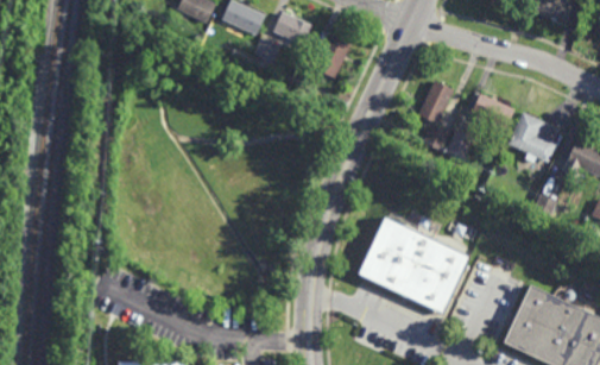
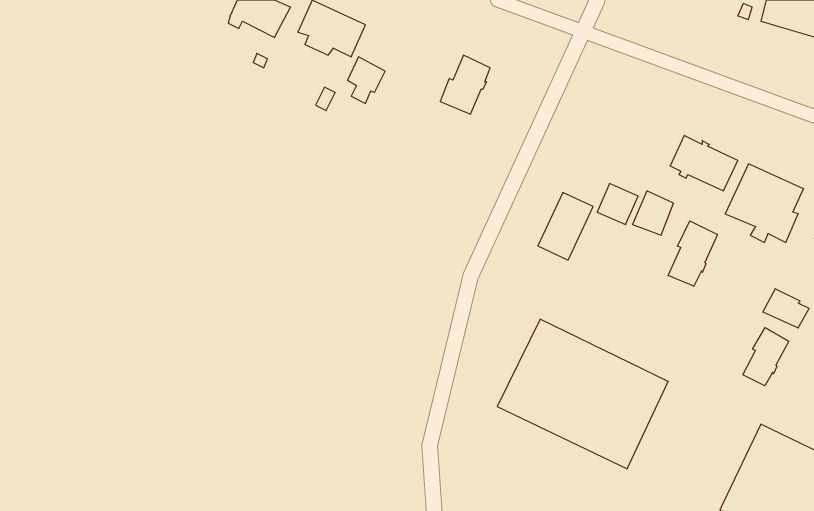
building: [274,13,312,48] -> none
building: [416,77,453,122] -> [538,192,593,260]
building: none -> [668,221,717,286]
building: none -> [743,328,789,386]

